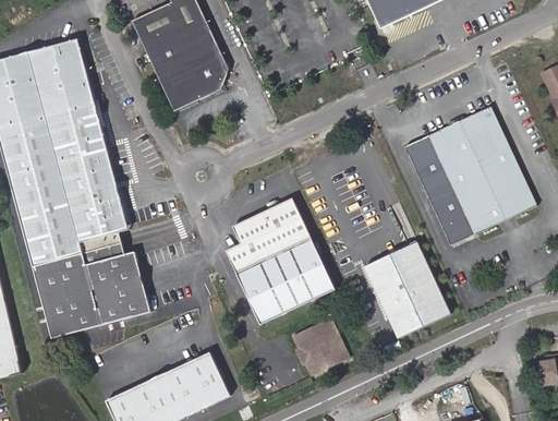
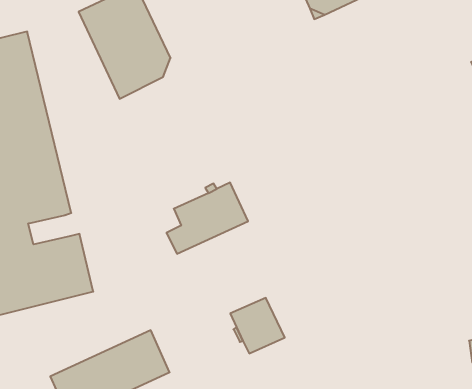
building: [404,106,535,243] -> none
building: [81,231,124,262] -> none
building: [235,238,333,323] -> none
building: [362,241,451,338] -> none

